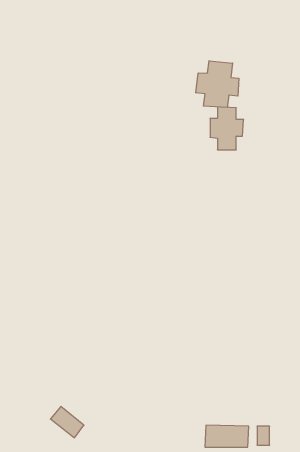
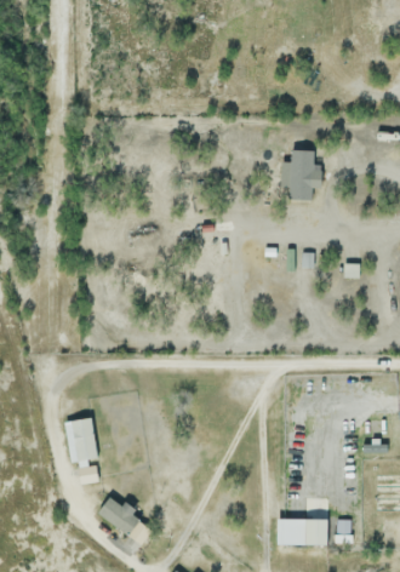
building: [196,61,239,107] -> none
building: none -> [67,423,99,464]

